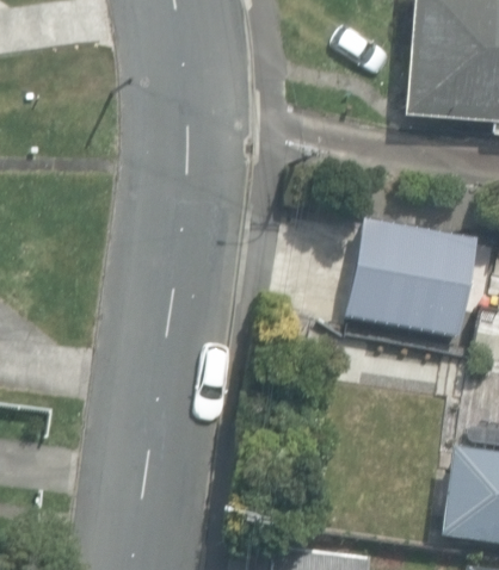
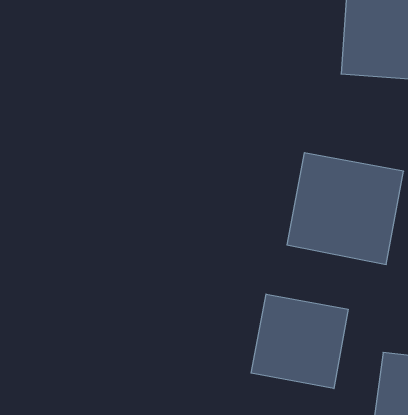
building: none -> [251,294,348,389]

